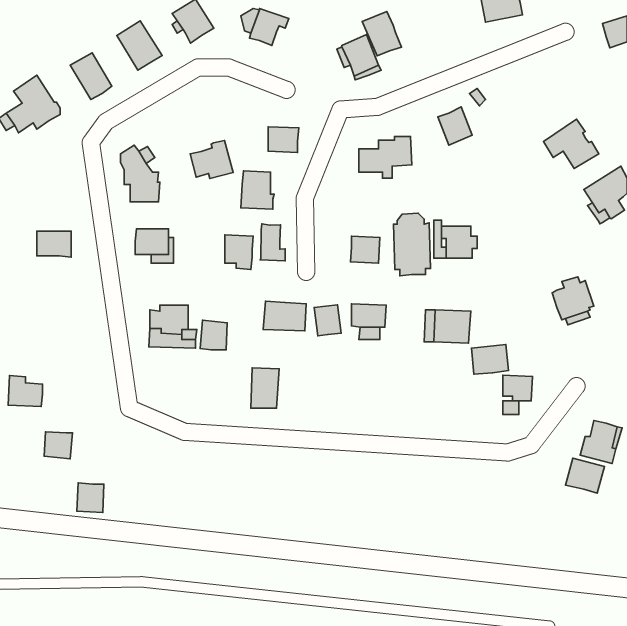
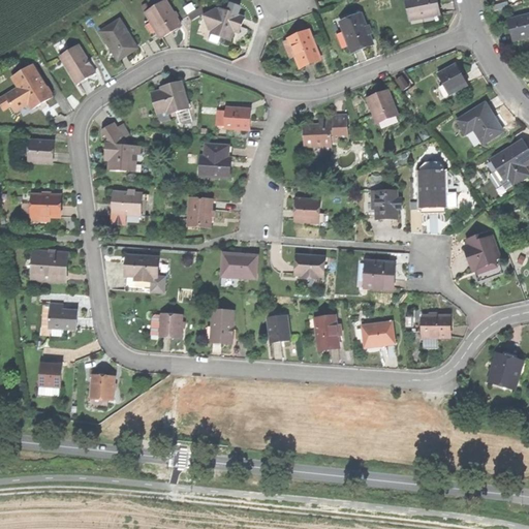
building: [362,12,402,56] -> [339,13,372,51]
building: none -> [437,63,466,93]
building: [190,140,233,179] -> [152,81,188,113]
building: none -> [29,139,53,162]
building: [394,213,430,276] -> [416,160,447,213]
building: [260,224,285,261] -> none
building: none -> [31,250,67,281]
building: [314,305,341,336] -> [268,315,290,341]
building: [200,320,227,350] -> [159,313,182,338]
building: [472,345,508,374] -> [363,321,394,346]
building: none -> [315,315,339,346]
building: [8,376,43,406] -> [48,303,76,329]
building: [566,458,604,493] -> none
building: [77,483,104,513] -> [90,374,113,399]

